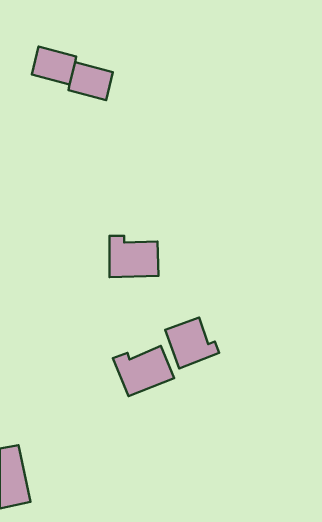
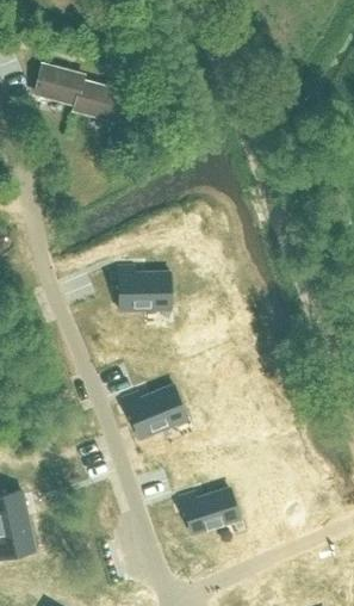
building: [165,317,219,369] -> none
building: none -> [180,489,241,536]

